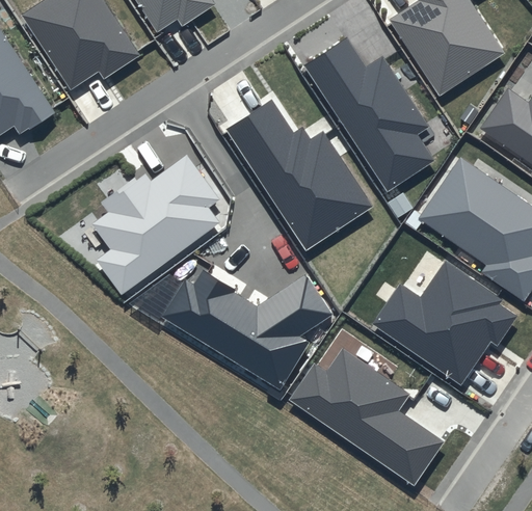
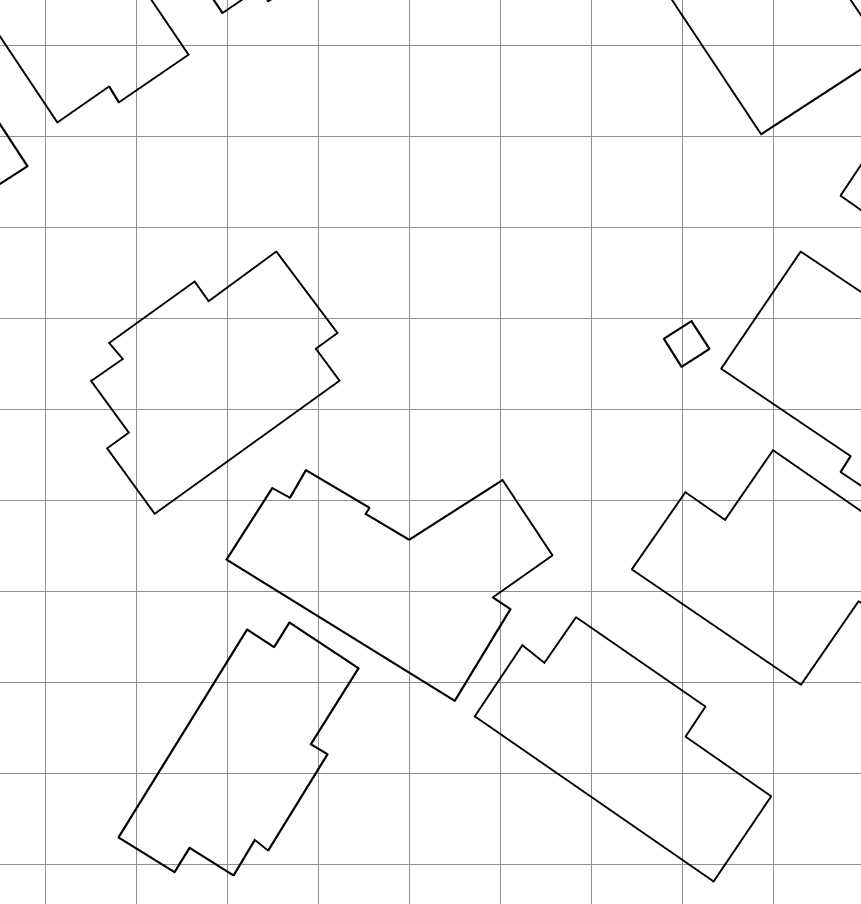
building: [304,36,435,191] -> none
building: [227,99,373,249] -> none
building: none -> [119,622,359,875]

